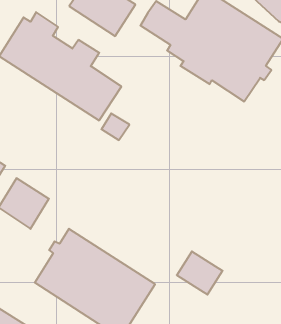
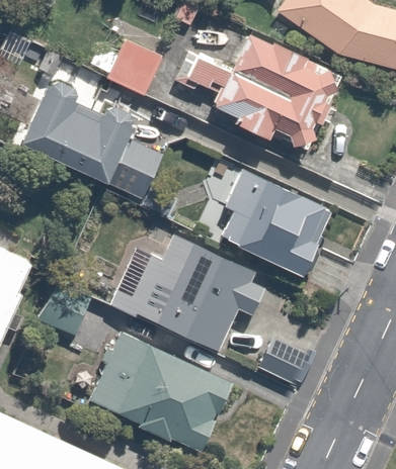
building: none -> [216,165,328,277]
building: none -> [108,230,264,350]

